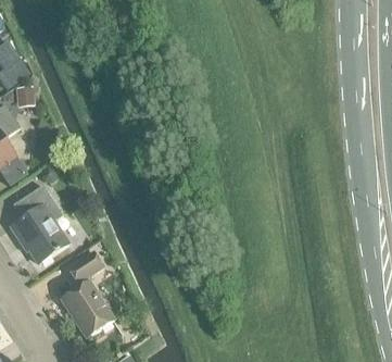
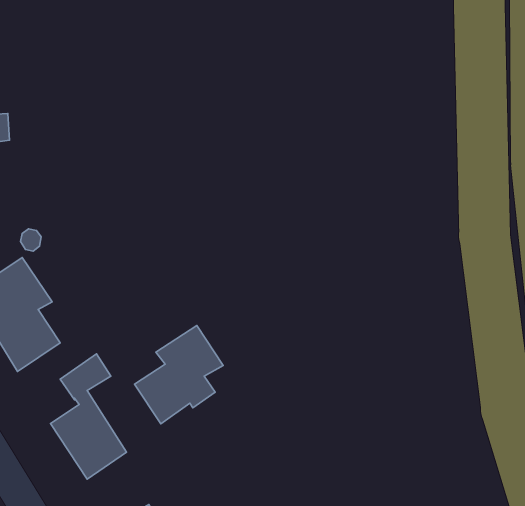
building: none -> [135,326,223,424]

